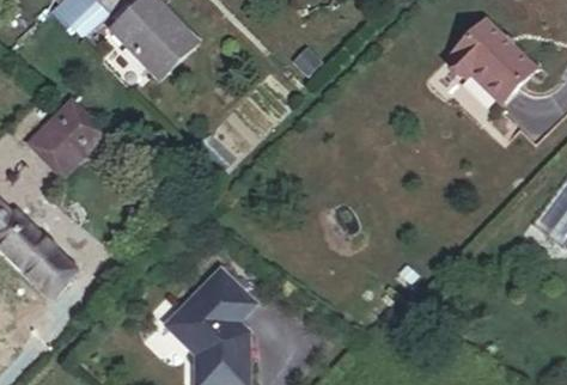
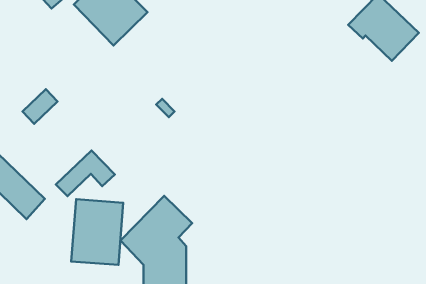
building: [31,106,104,163] -> [56,150,115,196]
building: none -> [71,199,123,265]

